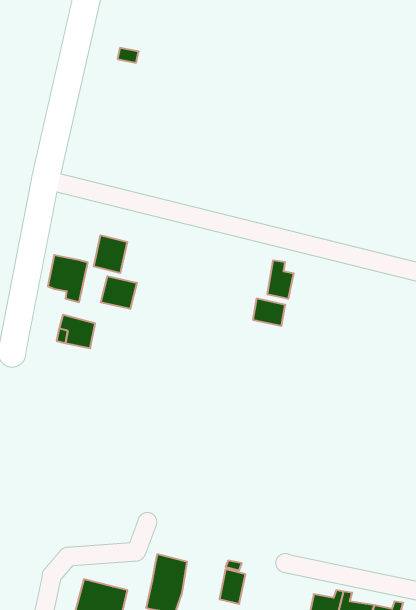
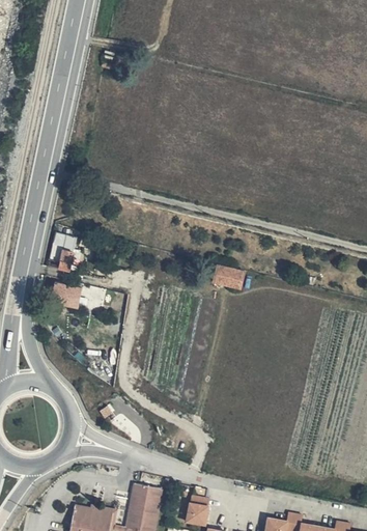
building: [94,235,127,273] -> none
building: [268,260,294,299] -> none
building: [101,276,137,309] -> none

